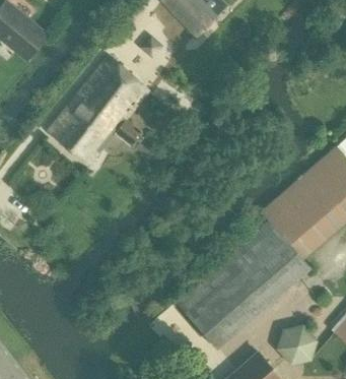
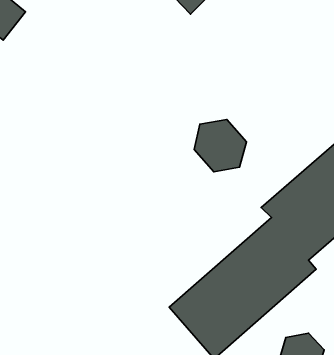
building: [47,56,149,166] -> none
building: none -> [194,119,246,172]

